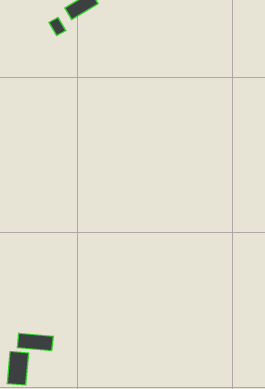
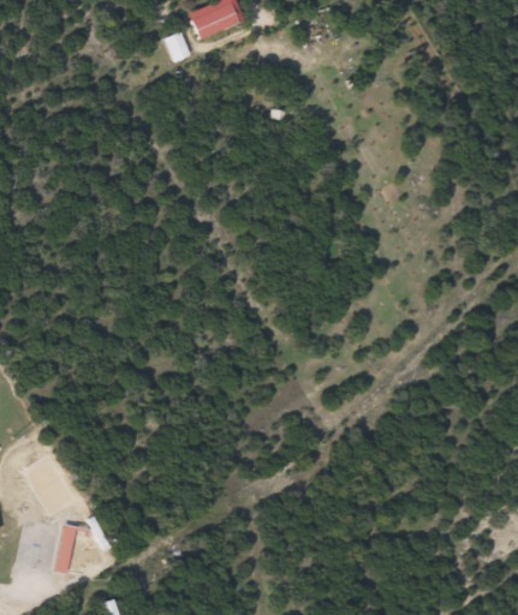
building: [17,333,53,351] -> none

